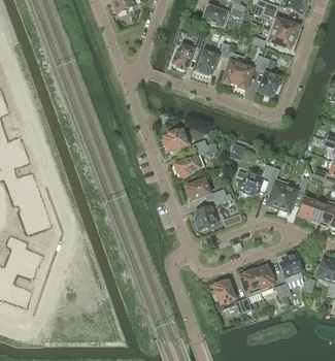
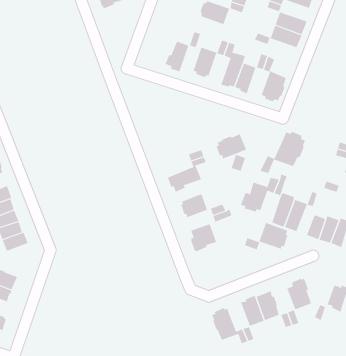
building: none -> [260,131,305,174]
building: [163,129,191,152] -> [216,134,247,159]
building: none -> [244,222,288,250]

